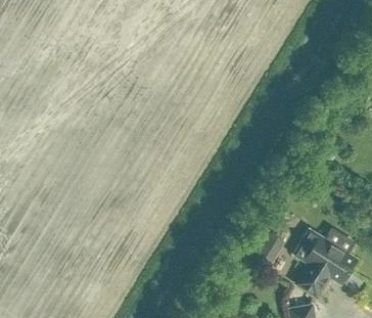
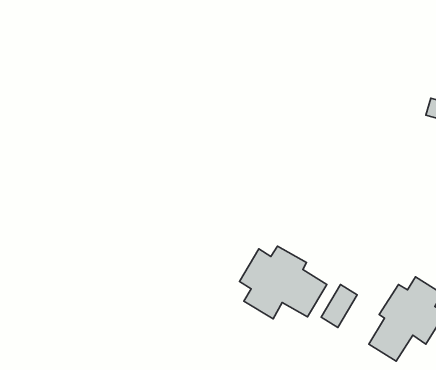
building: none -> [239,246,327,319]

